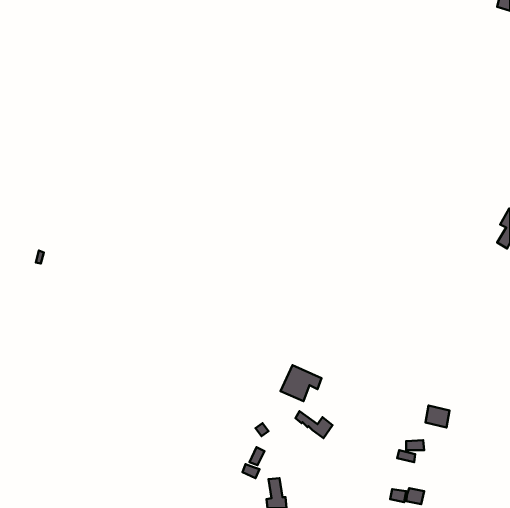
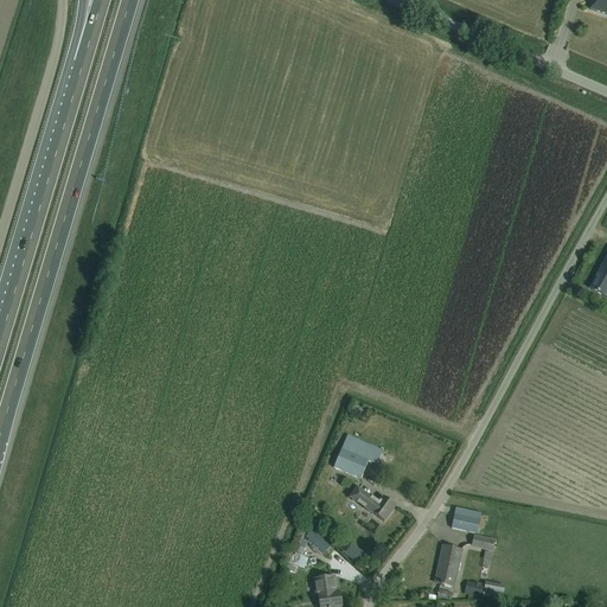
building: [426,405,450,427] -> [452,506,480,532]
building: none -> [435,545,461,586]

